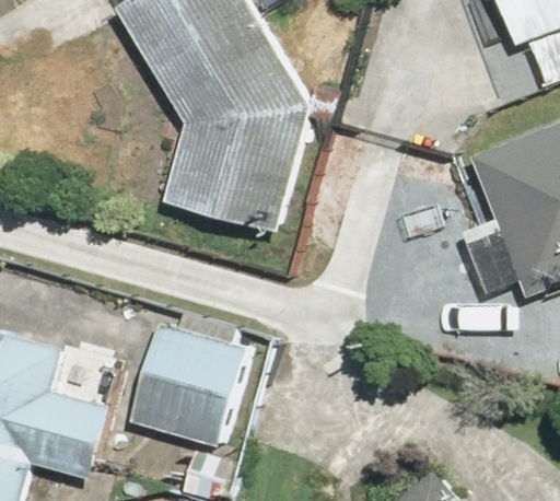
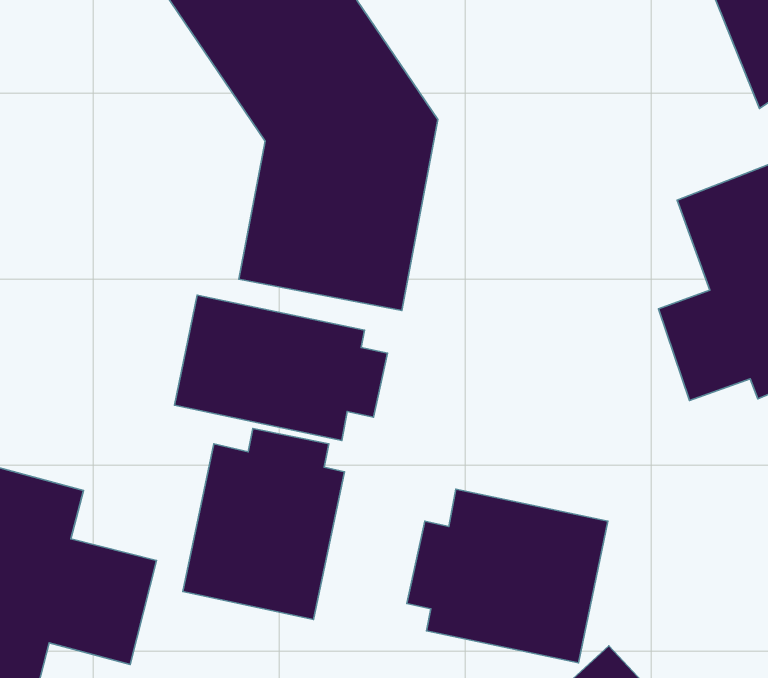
building: none -> [174,295,388,440]
building: none -> [407,489,608,663]

